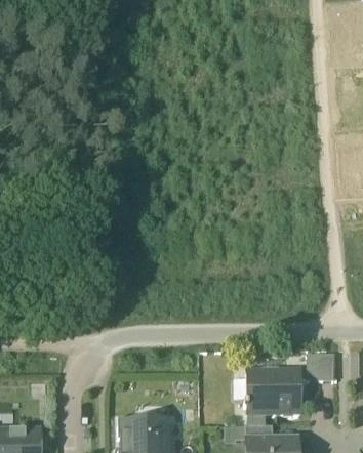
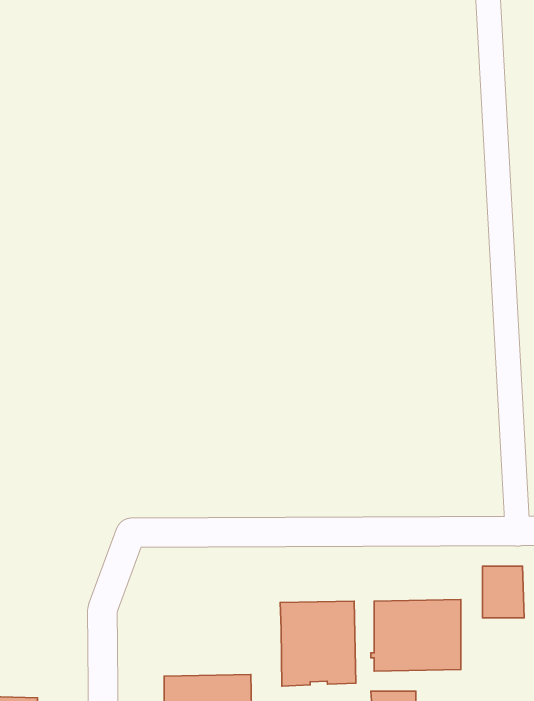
building: none -> [280,601,356,686]

